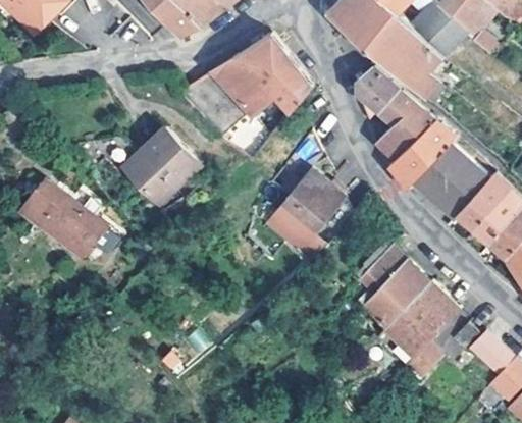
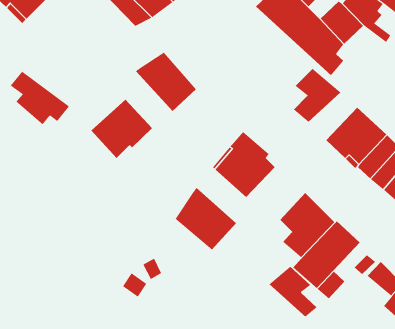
building: [213,29,314,117] -> none
building: [356,65,400,111] -> none
building: [388,119,456,188] -> none
building: [29,179,104,248] -> [10,71,70,125]
building: none -> [175,187,237,251]
building: none -> [268,266,317,317]

